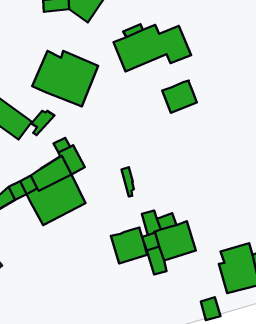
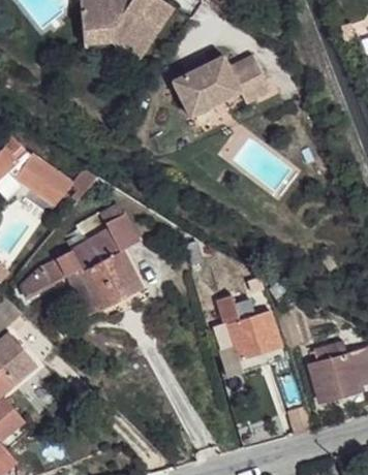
building: [32,51,98,106] -> none
building: [162,80,197,113] -> none
building: [111,228,147,263] -> none

